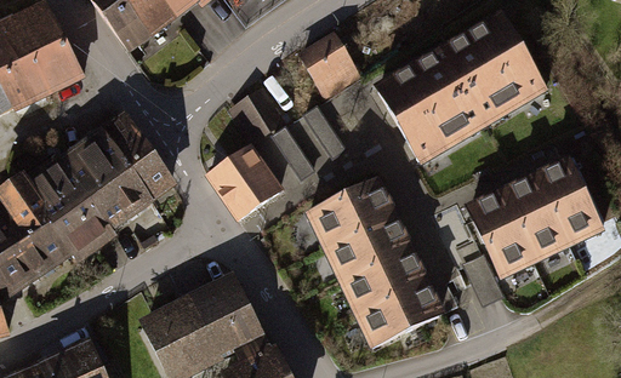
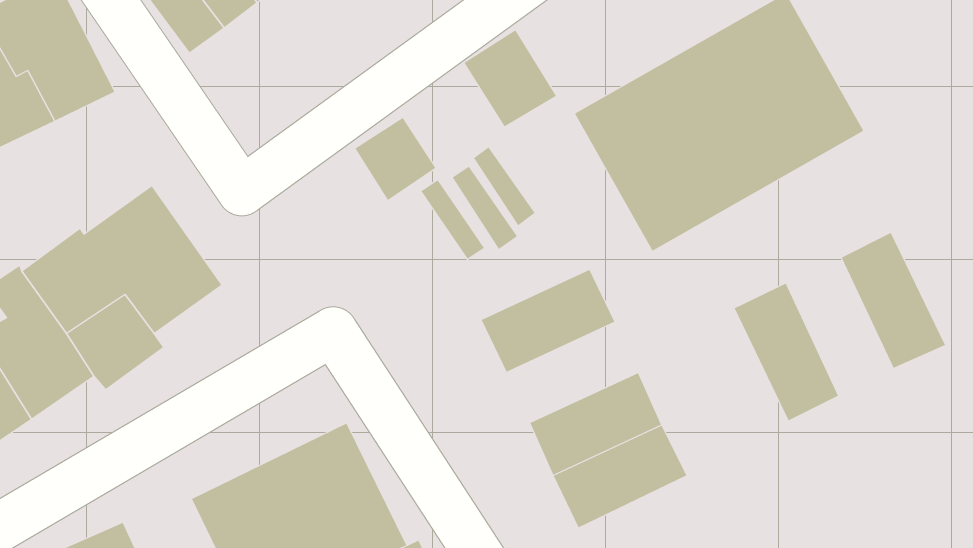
building: [107,114,171,190] -> none
building: [210,144,280,216] -> none
building: [502,173,569,259] -> none
building: [327,213,410,276] -> none

